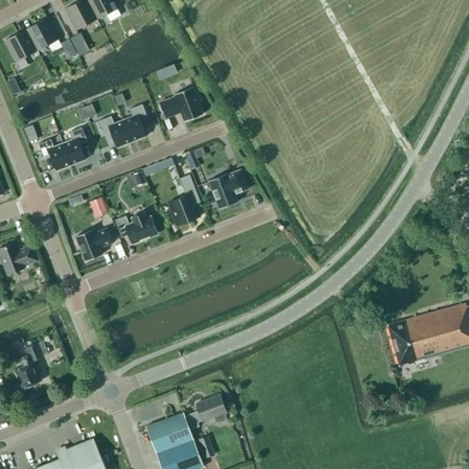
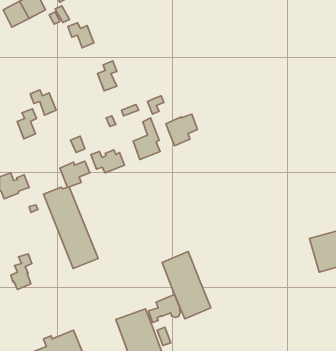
building: [159,85,203,120] -> none
building: [99,115,131,147] -> [68,23,94,48]
building: [63,127,87,165] -> [17,109,36,139]
building: none -> [44,187,98,269]
building: none -> [162,251,211,319]

